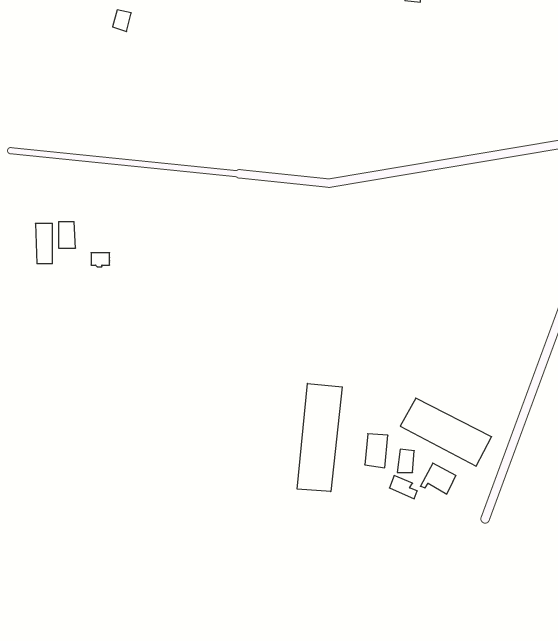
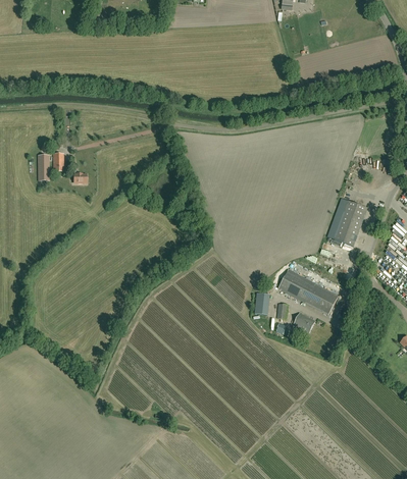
building: none -> [326,198,366,246]
building: [297,383,342,492] -> none

